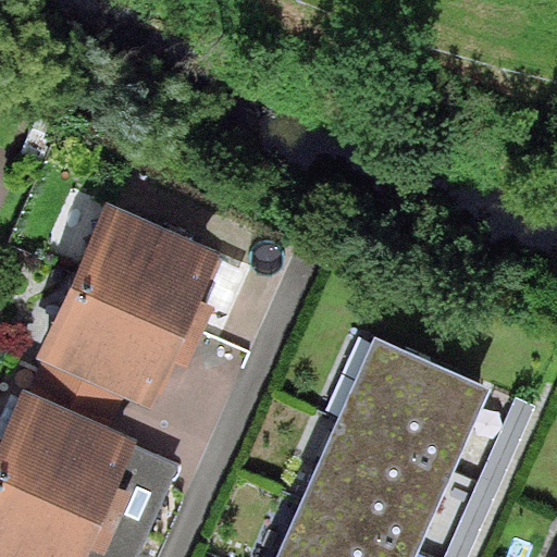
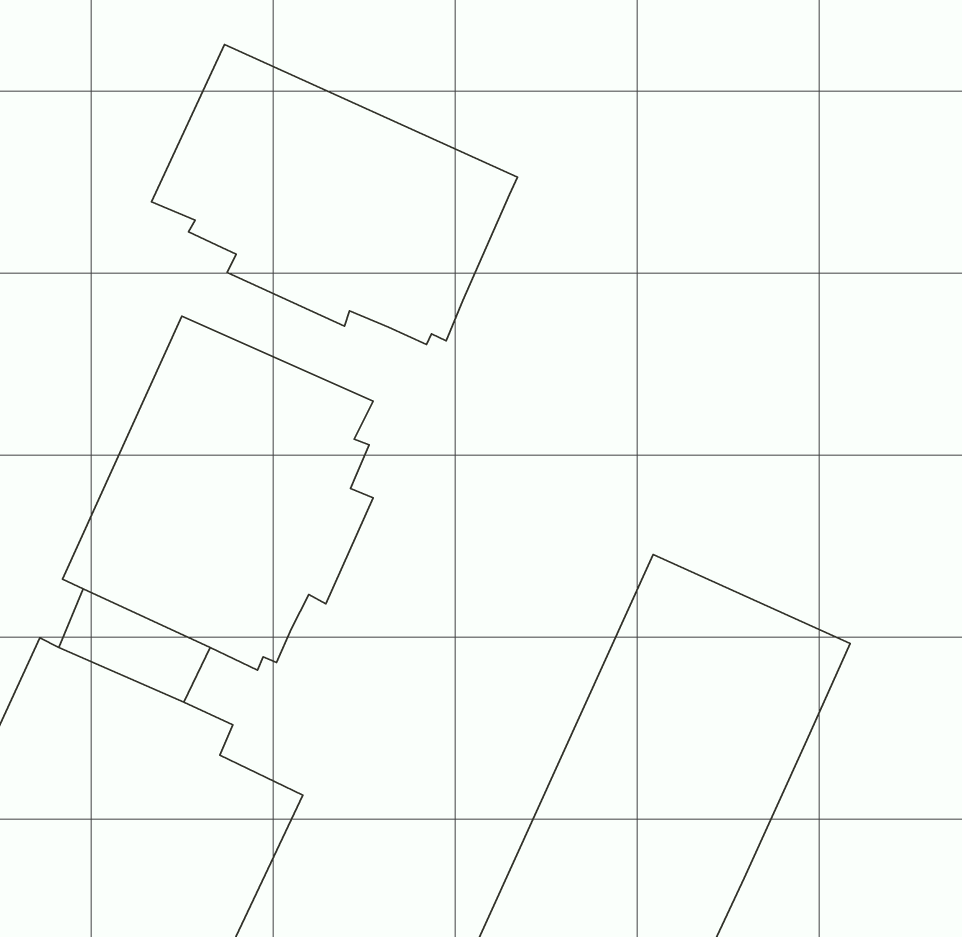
building: none -> [152,45,517,345]

